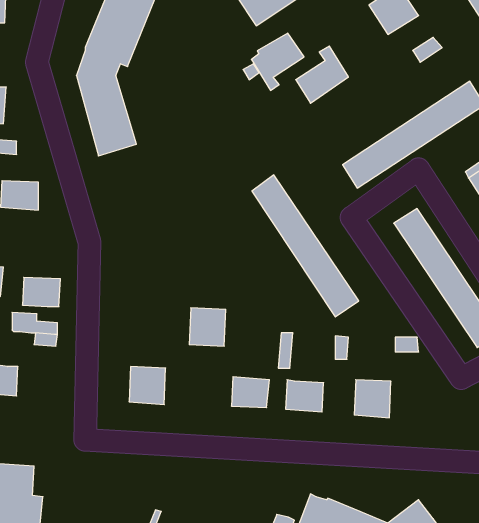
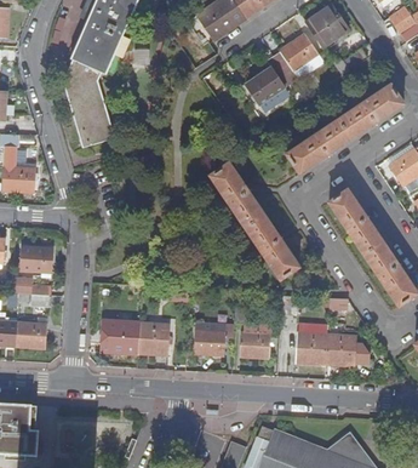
building: [251,33,304,90] -> [275,34,319,81]
building: [189,308,226,346] -> [138,323,168,354]
building: none -> [16,321,46,347]
building: none -> [325,333,356,365]

